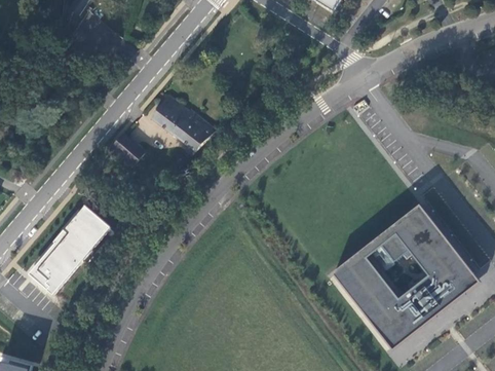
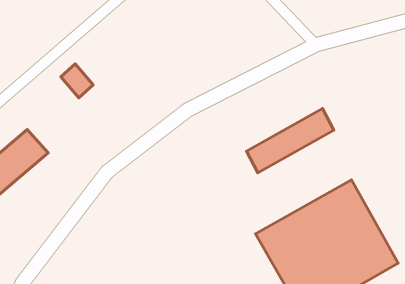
building: [152,92,216,153] -> none
building: none -> [246,109,334,173]

